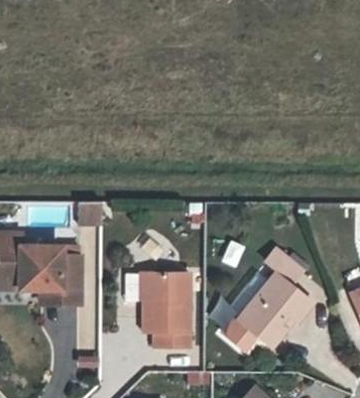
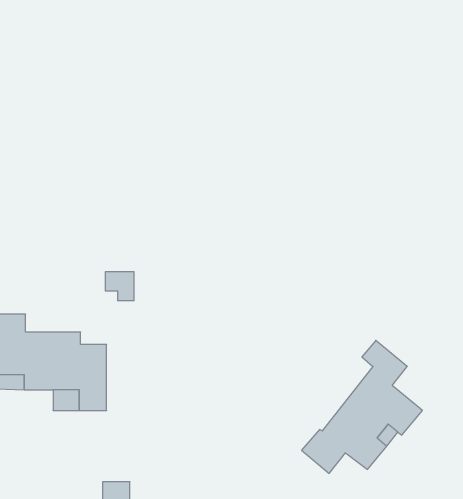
building: [144,273,191,346] -> none

